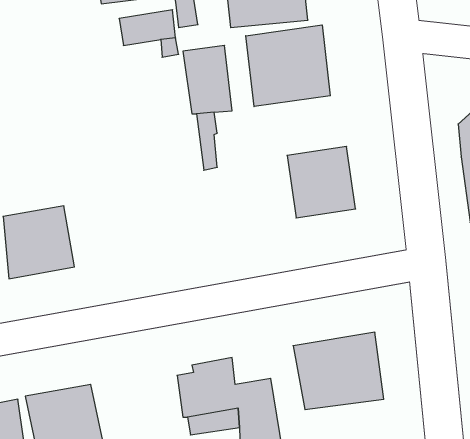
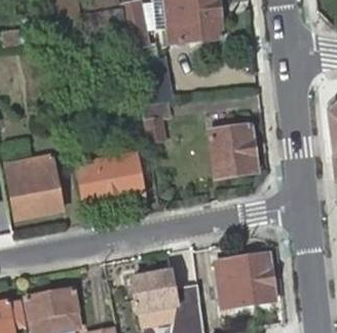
building: [246,25,330,107] -> none
building: none -> [89,152,145,202]

